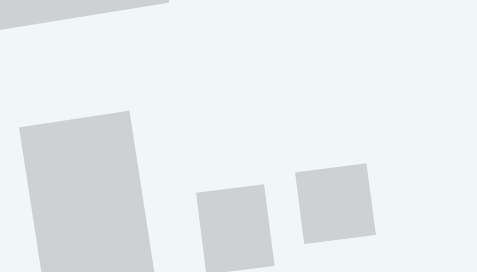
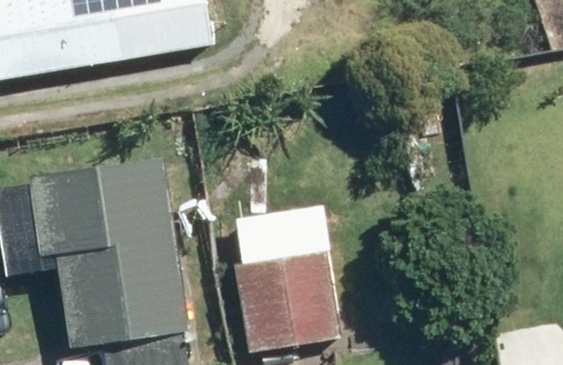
building: [294,163,377,245] -> none

